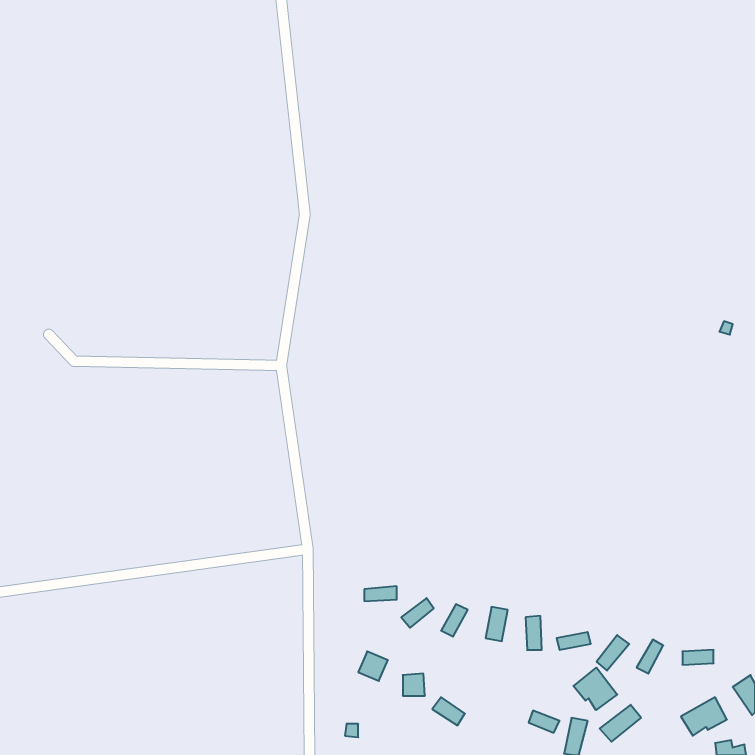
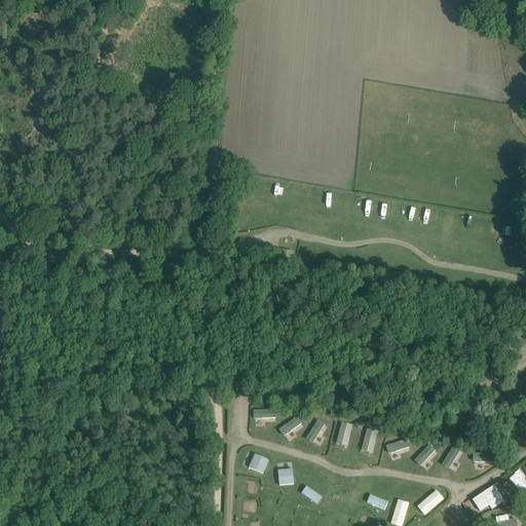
building: [573,668,617,710] -> none

